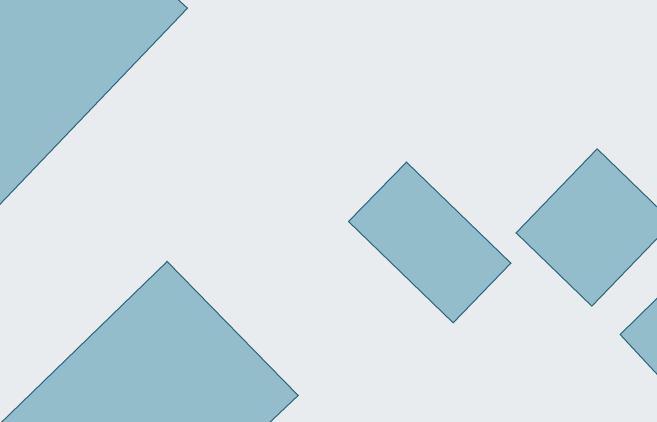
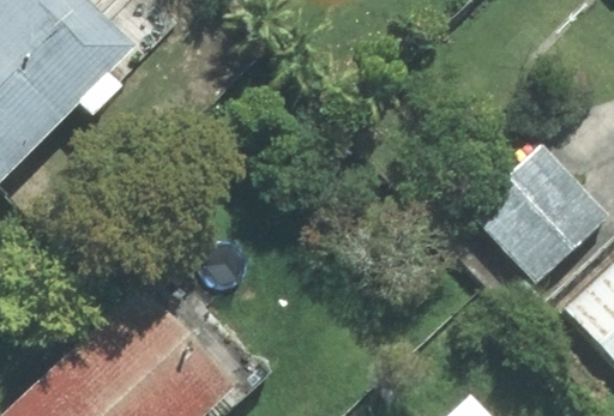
building: [349,162,511,323] -> none

